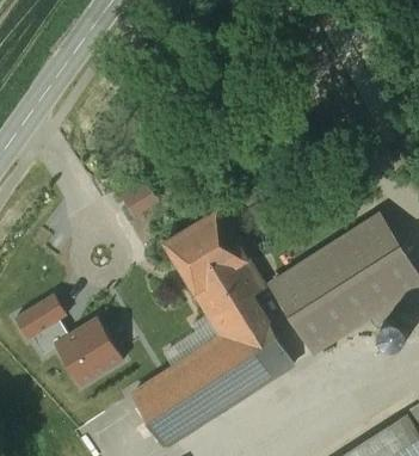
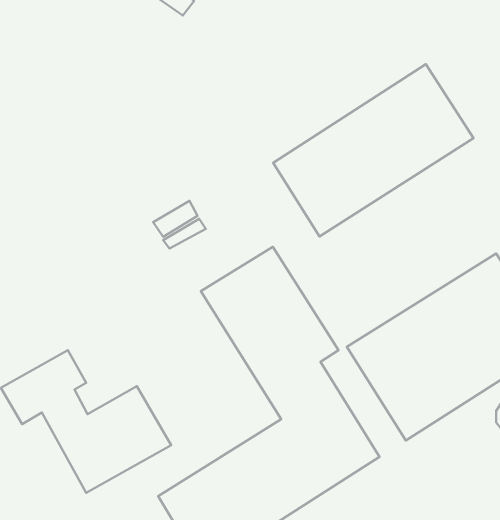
building: none -> [273,64,473,236]

